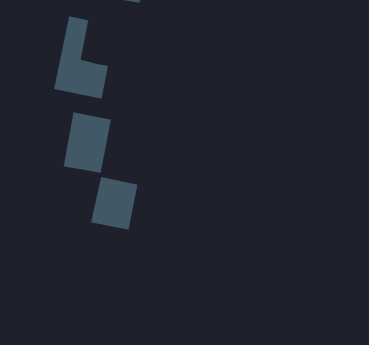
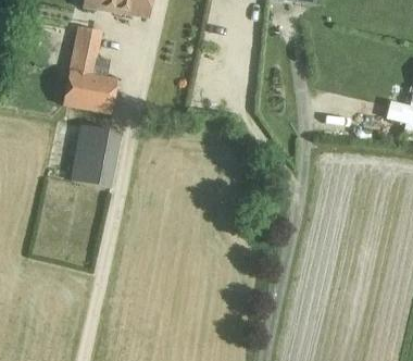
building: [90,176,138,230] -> none

